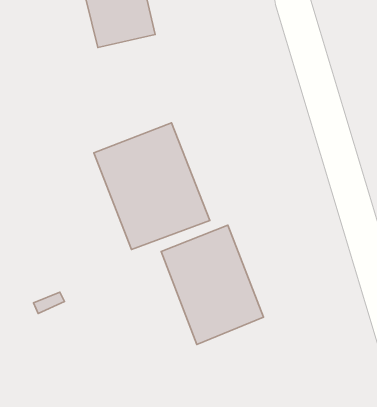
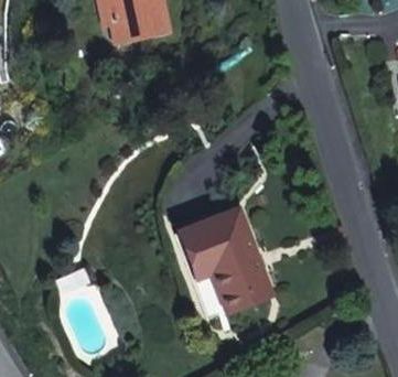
building: [94,123,210,249] -> none

